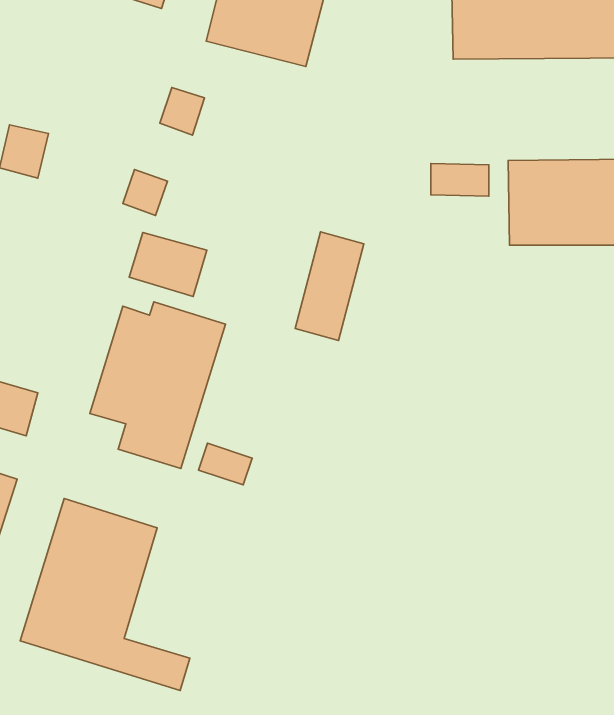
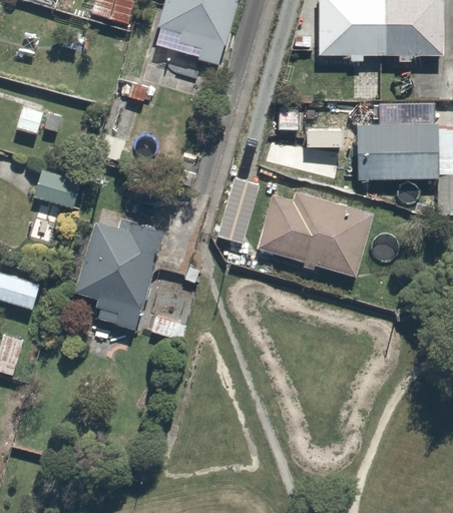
building: [129,232,207,296] -> [32,167,84,210]
building: none -> [254,186,375,275]
building: [20,498,190,690] -> none

